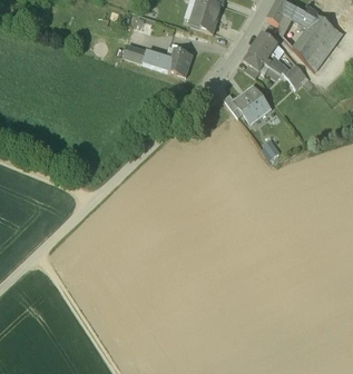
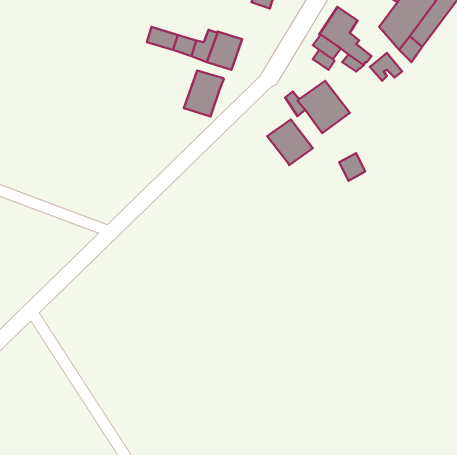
building: none -> [184,70,224,117]
building: none -> [267,119,313,165]

